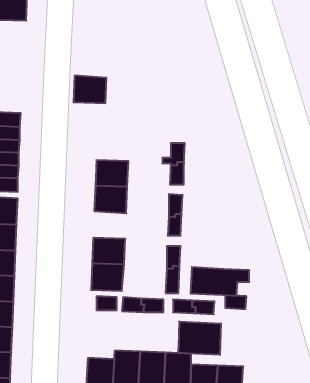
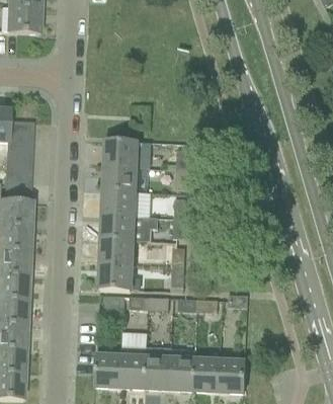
building: [73,76,106,103] -> [105,140,137,166]
building: [191,267,249,296] -> [102,214,158,241]
building: [178,321,221,355] -> none

